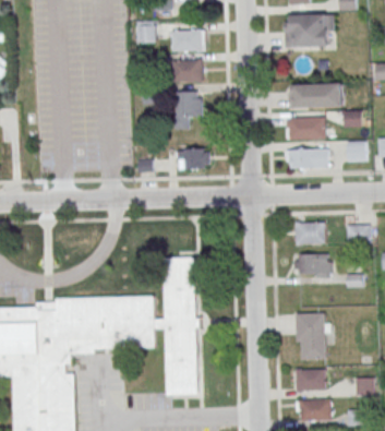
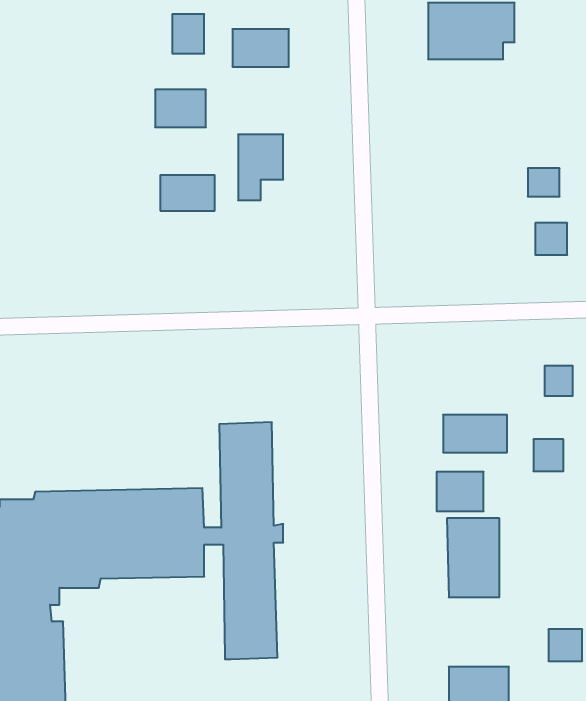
building: [173,60,203,82] -> [155,90,206,127]
building: [288,84,341,107] -> none
building: [286,116,324,140] -> none
building: [177,148,208,169] -> [160,175,215,211]
building: [286,148,328,168] -> none
building: [296,222,323,244] -> [437,472,484,511]
building: [296,369,326,391] -> none

